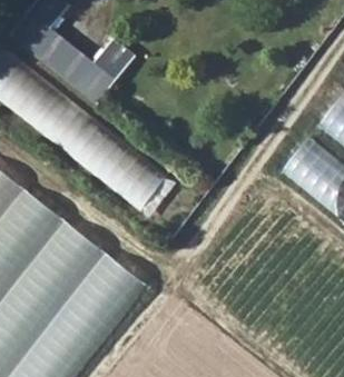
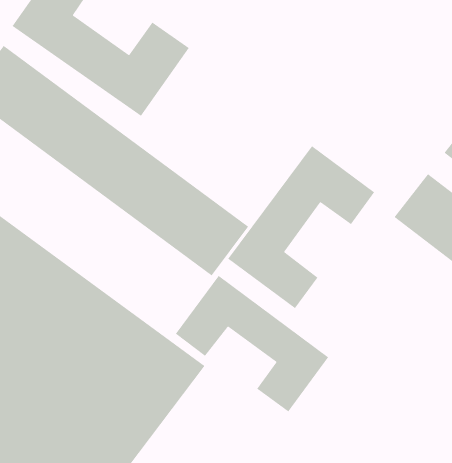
building: none -> [227,145,375,309]
building: none -> [175,275,329,413]

